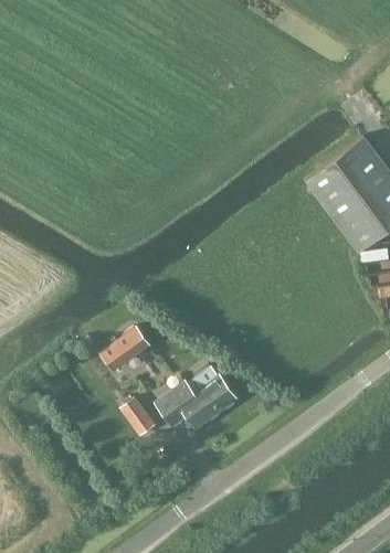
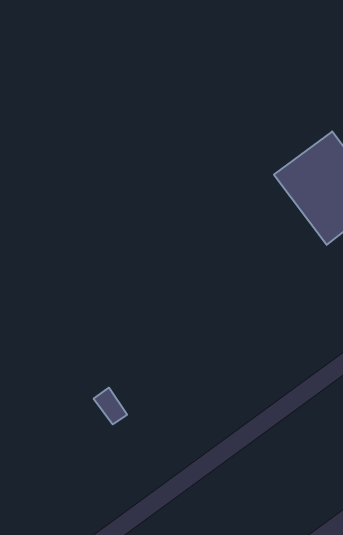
building: [106,331,144,366] -> none
building: [157,375,239,428] -> none

